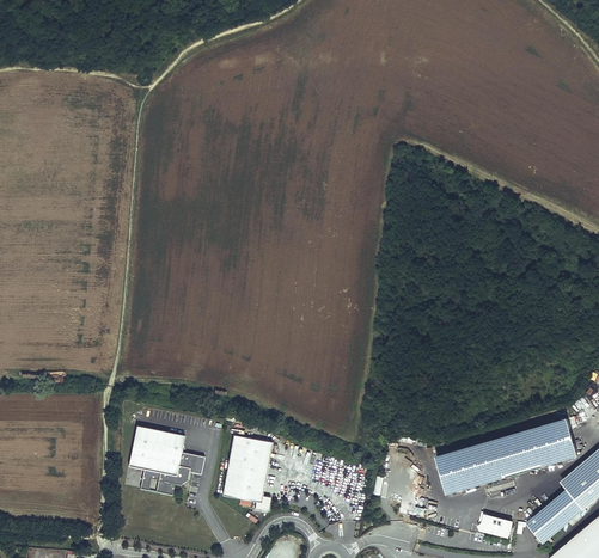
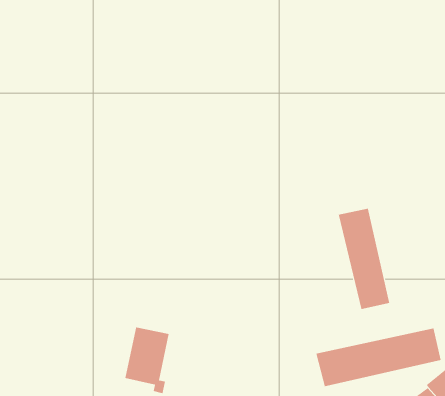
building: none -> [338,208,390,310]
building: [128,427,204,495] -> none

